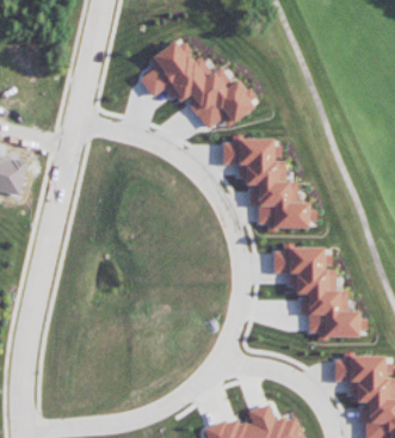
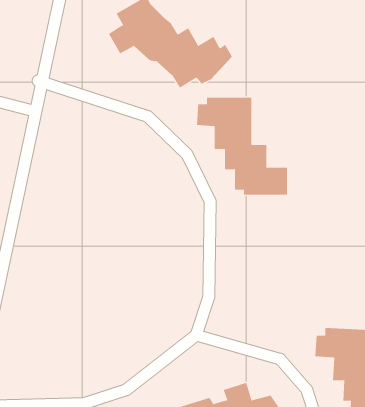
building: [272,243,359,338] -> none

